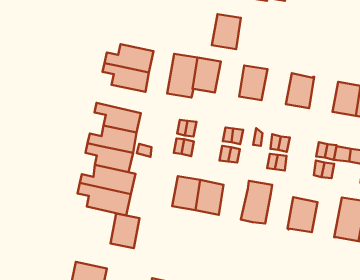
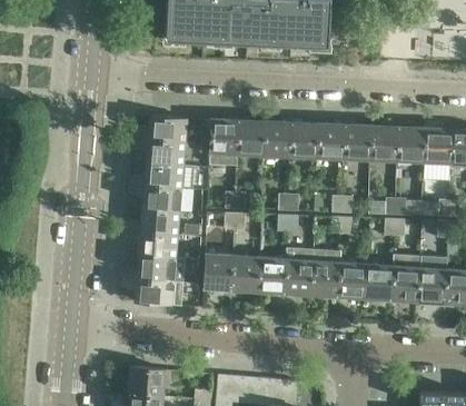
building: [212,14,241,49] -> [262,120,291,157]
building: none -> [316,122,346,159]
building: none -> [370,125,399,161]
building: none -> [131,161,195,189]
building: none -> [284,248,313,295]
building: none -> [390,254,419,301]
building: none -> [337,261,365,298]
building: [111,213,139,248] -> [204,252,232,289]

